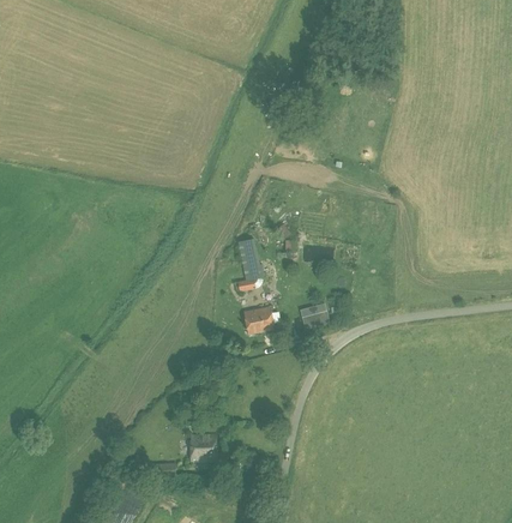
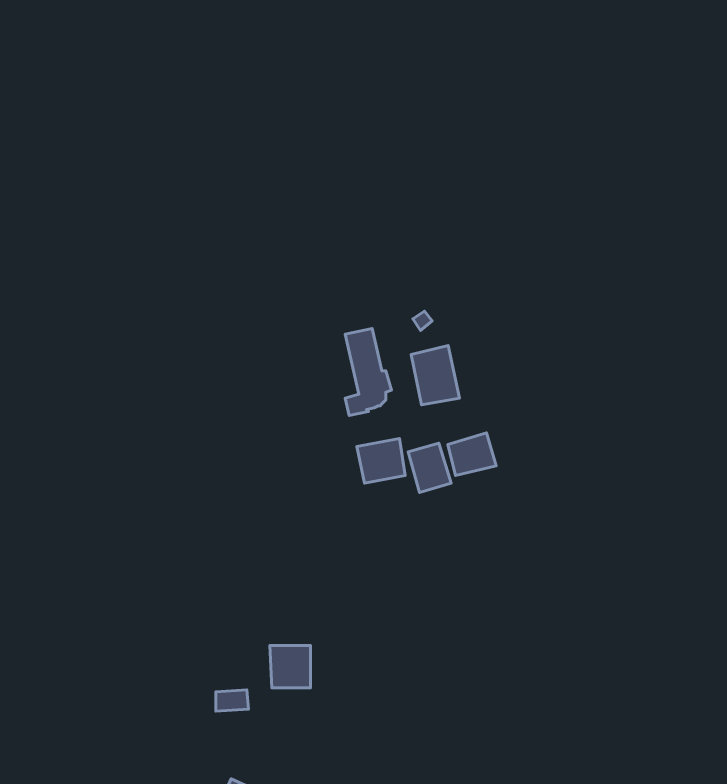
building: none -> [411,345,459,405]
building: none -> [408,443,451,492]

